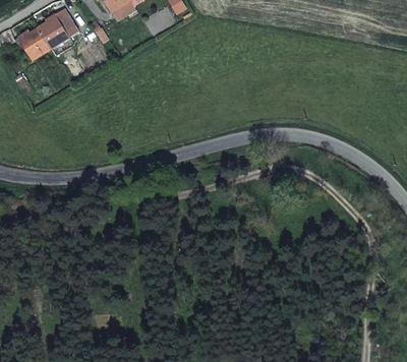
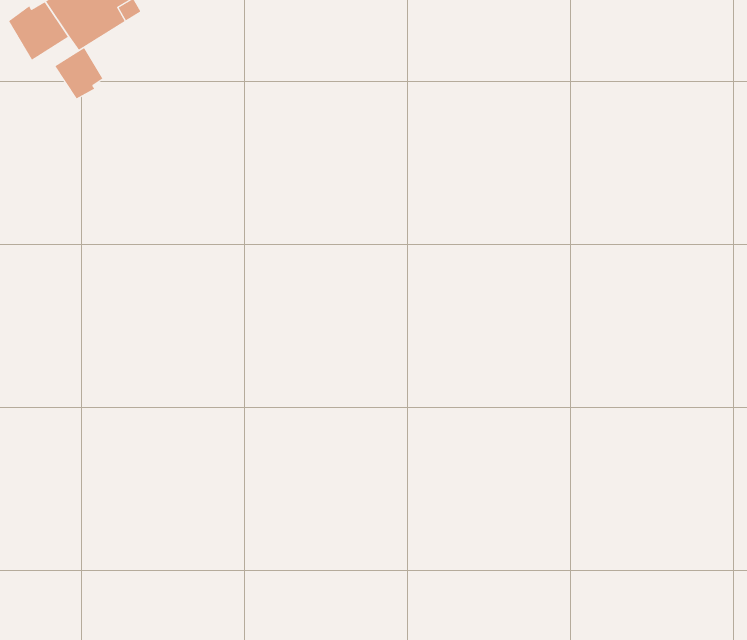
building: none -> [54,47,103,99]

